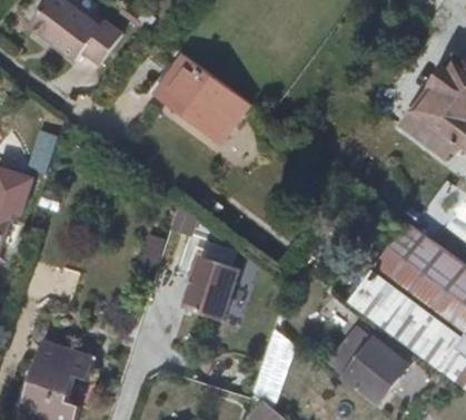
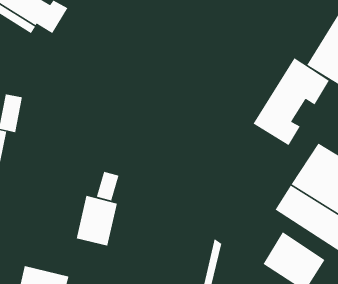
building: [156,57,248,141] -> none
building: none -> [252,57,330,146]
building: [180,254,235,319] -> [76,195,118,246]

